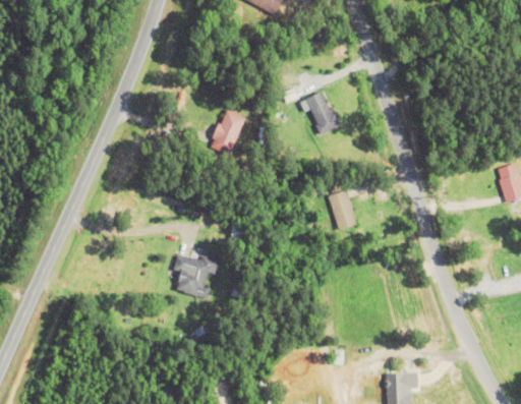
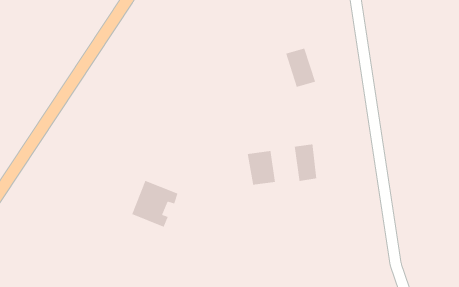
building: [210,109,246,155] -> none
building: none -> [247,150,276,185]

